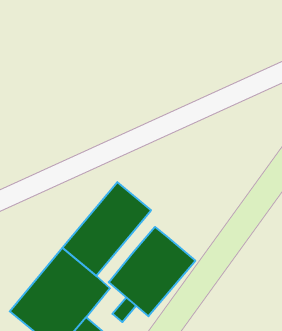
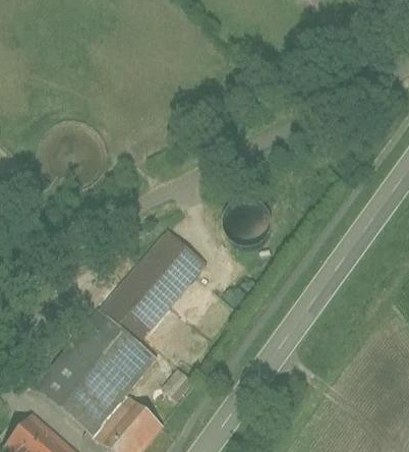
building: [109,227,195,316] -> none

